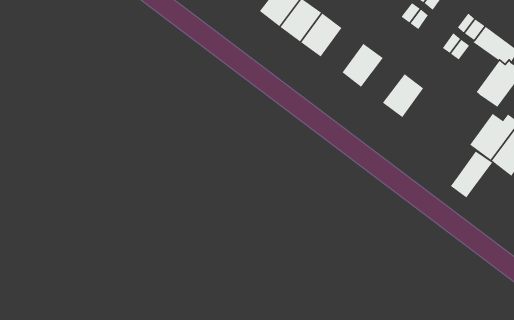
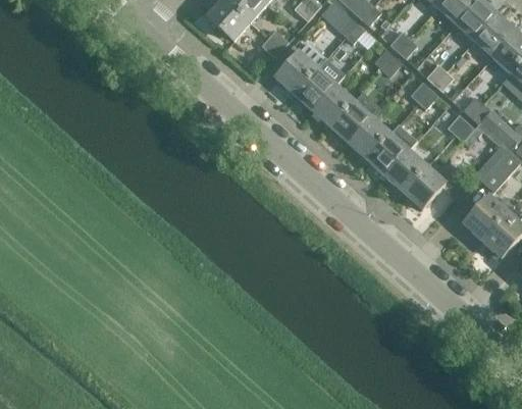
building: none -> [330,100,372,143]
building: none -> [366,124,416,175]
building: none -> [403,165,446,209]
building: [450,151,493,199] -> none

